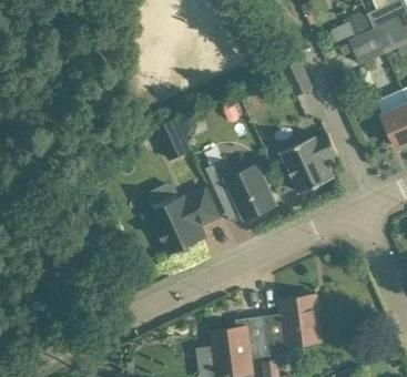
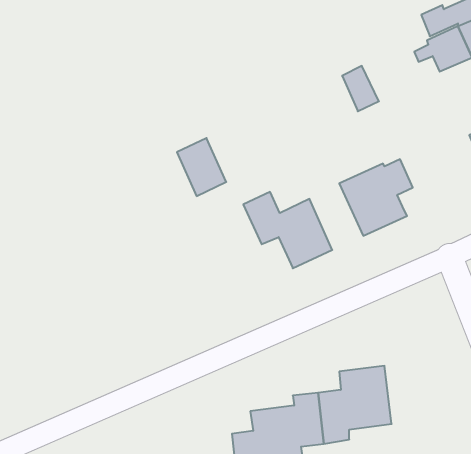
building: [151,187,217,253] -> none

